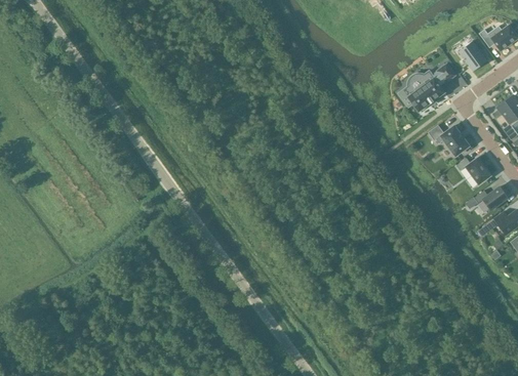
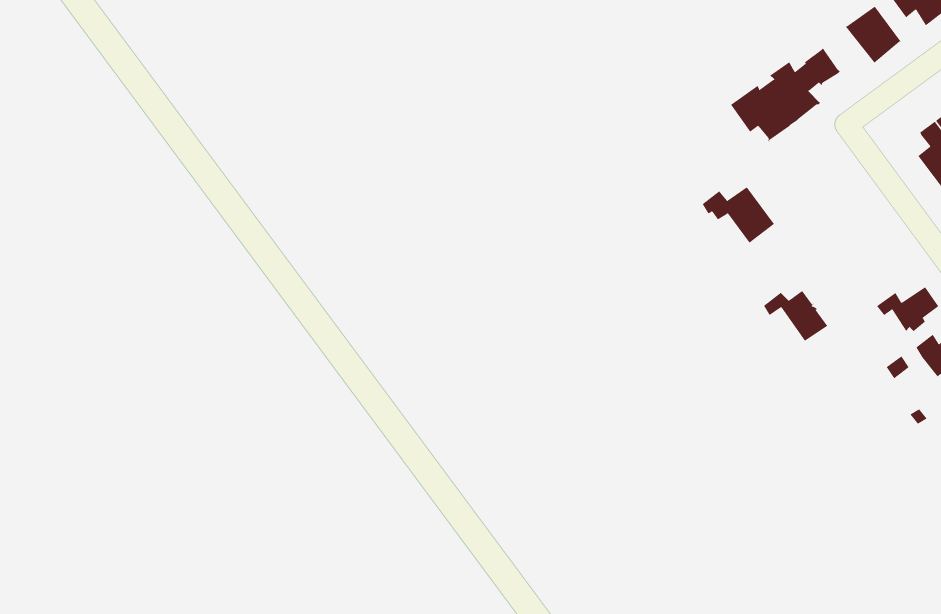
building: [431,125,469,155] -> [702,186,775,244]
building: [456,157,490,183] -> [763,290,828,341]

